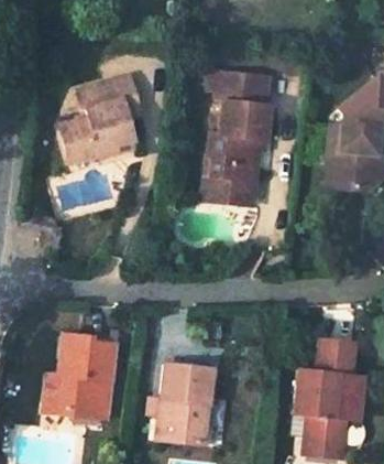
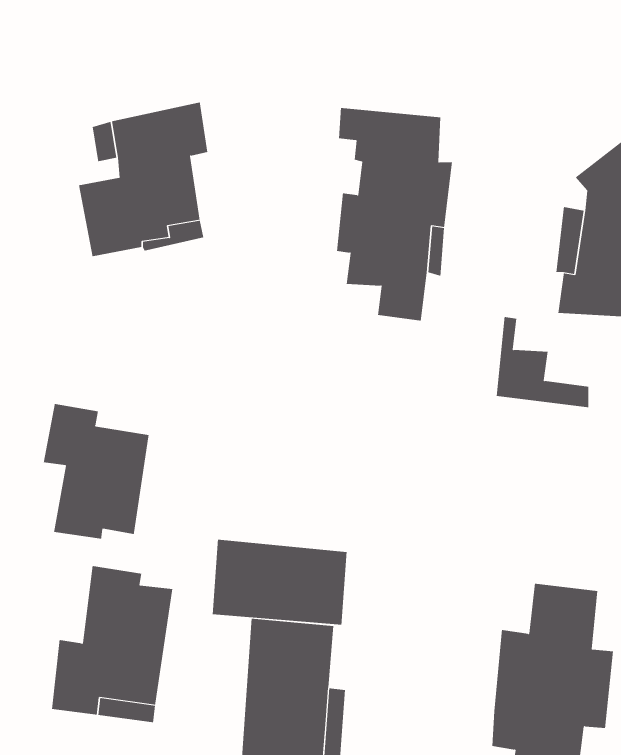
building: [200,153,253,205] -> [496,317,589,408]
building: none -> [43,403,149,539]
building: none -> [212,539,347,626]

